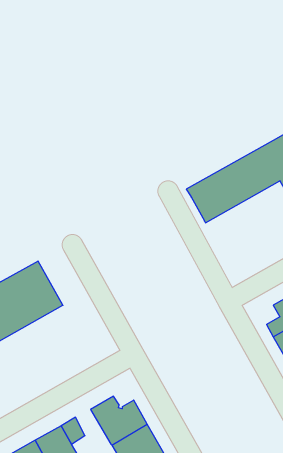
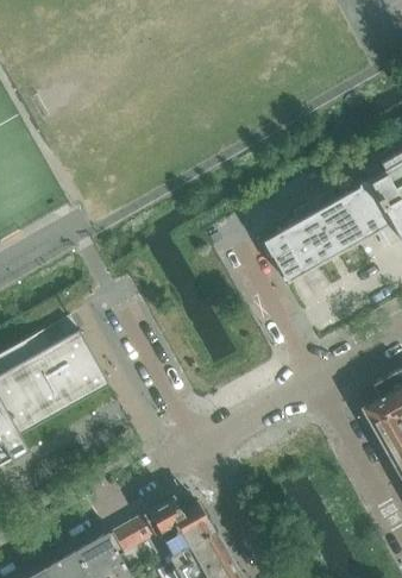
building: none -> [125,513,169,560]

